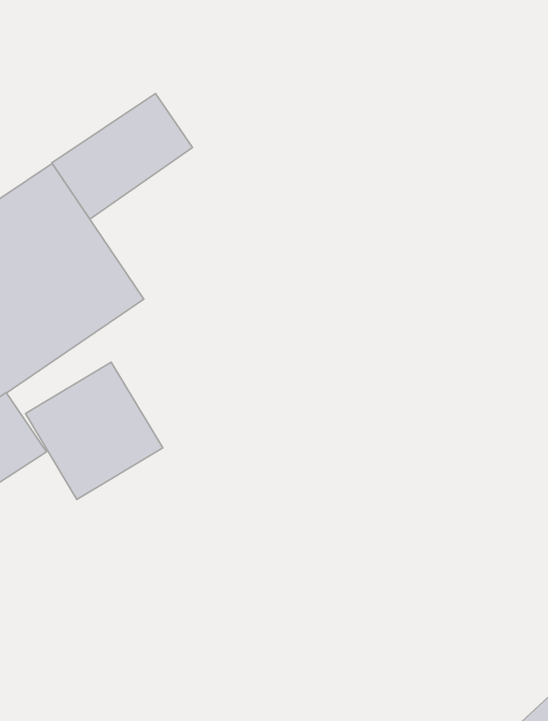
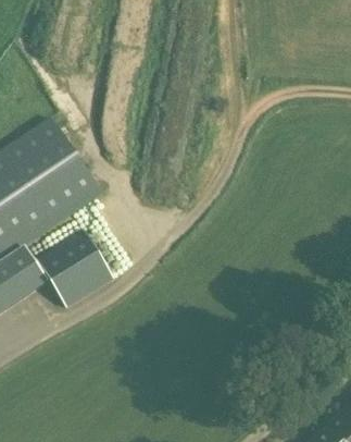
building: [52,94,192,219] -> none

